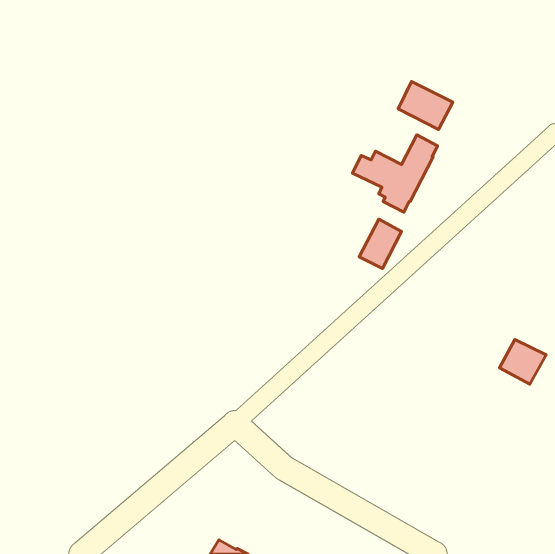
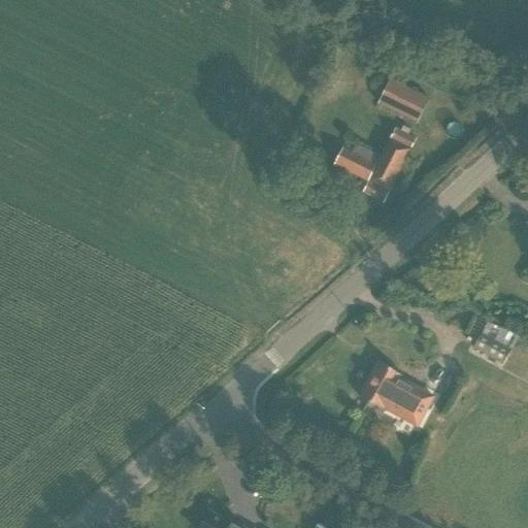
building: [359,219,402,269] -> none
building: none -> [358,361,433,425]

